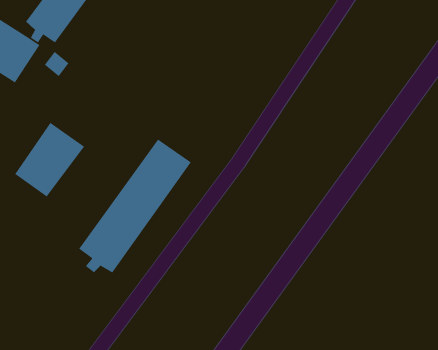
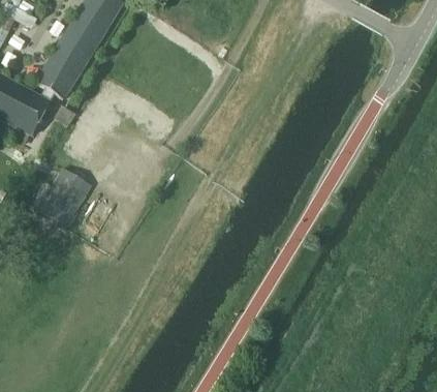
building: [78,139,192,274] -> none

